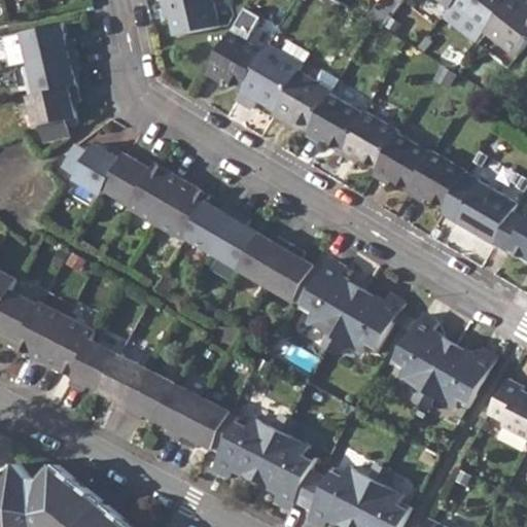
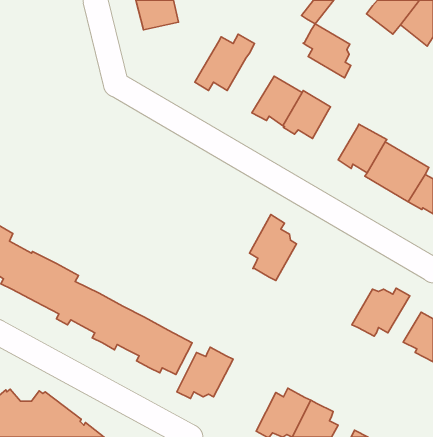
building: [205,7,264,89] -> none
building: [5,26,78,141] -> none
building: none -> [303,24,351,78]
building: [271,70,330,129] -> none
building: [372,132,431,190] -> none
building: [61,143,311,301] -> none
building: [332,292,401,352] -> none
building: [394,313,449,391] -> none
building: [257,432,314,510] -> none

